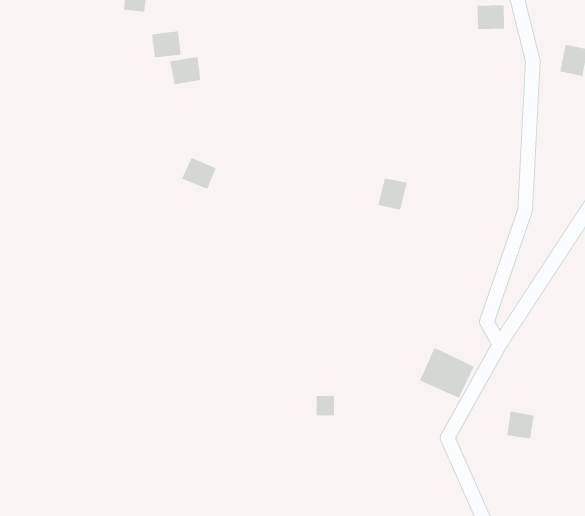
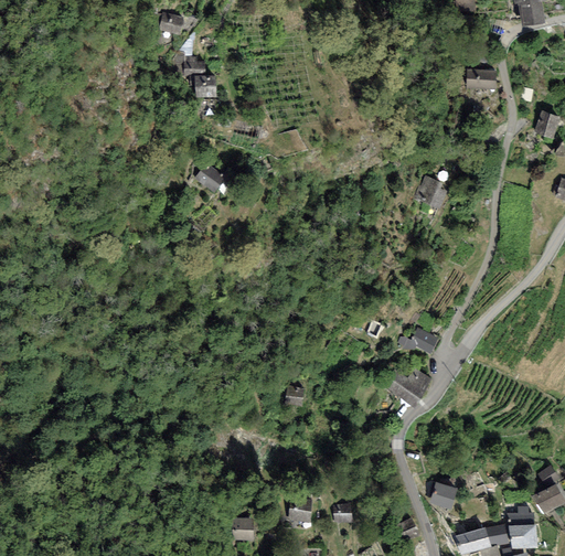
building: [377,178,408,210] -> [415,174,444,204]
building: none -> [408,327,438,353]
building: [507,411,535,439] -> [430,481,457,507]

